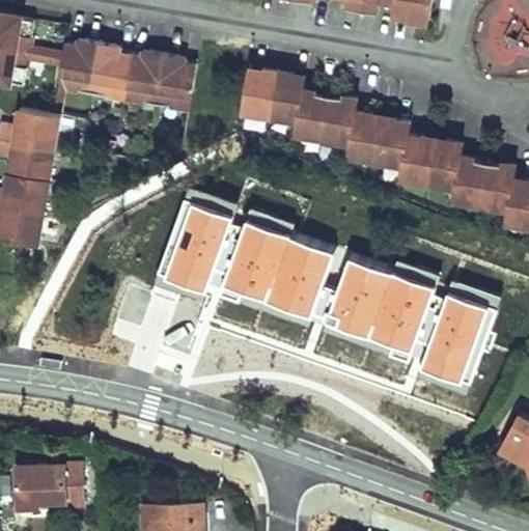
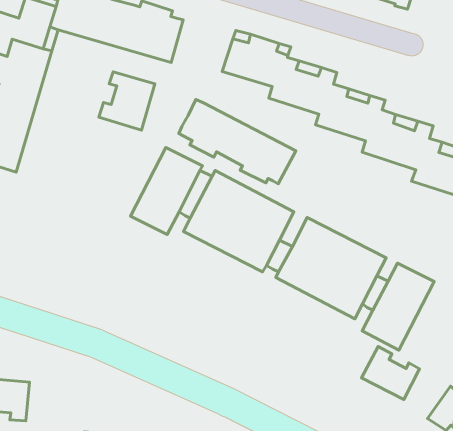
building: none -> [99,72,155,130]
building: none -> [179,99,296,184]
building: none -> [362,347,419,399]

